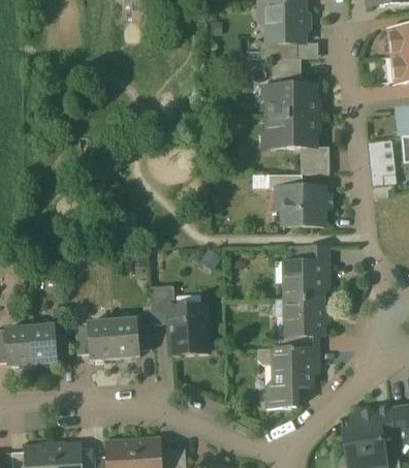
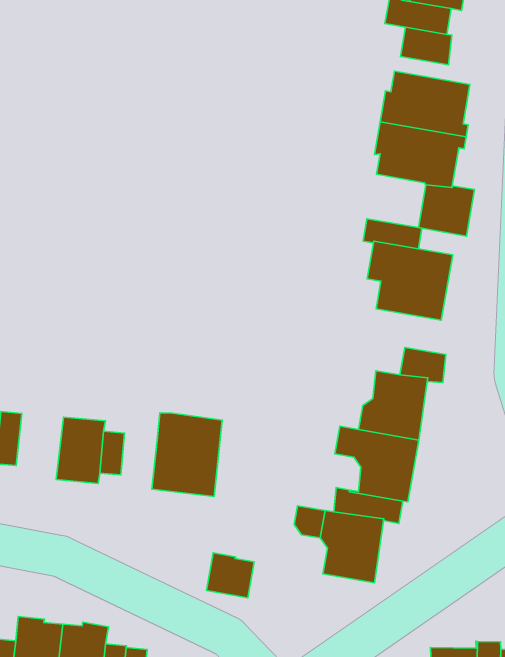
building: [151,285,176,323] -> none
building: [88,320,115,360] -> none
building: [266,384,291,407] -> [207,553,254,598]

